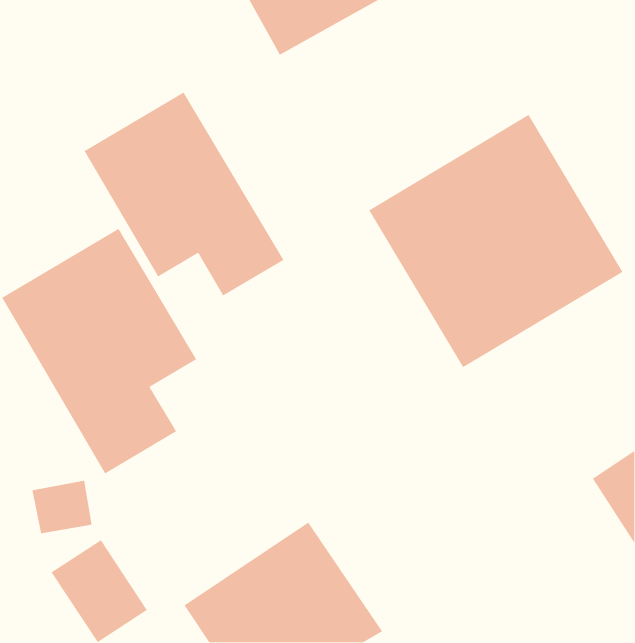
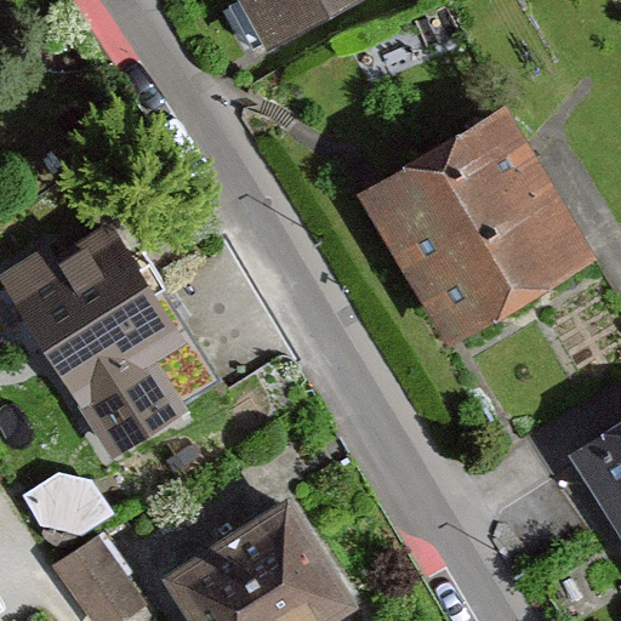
building: [84,92,285,297] -> none

